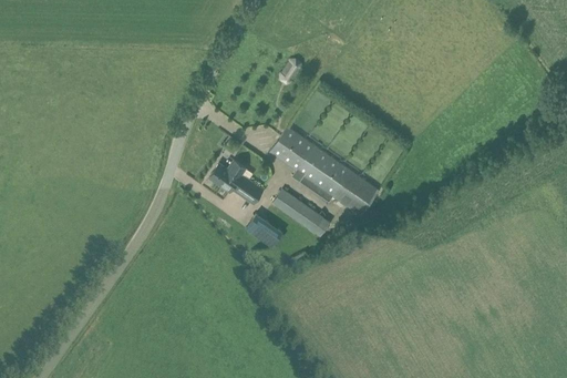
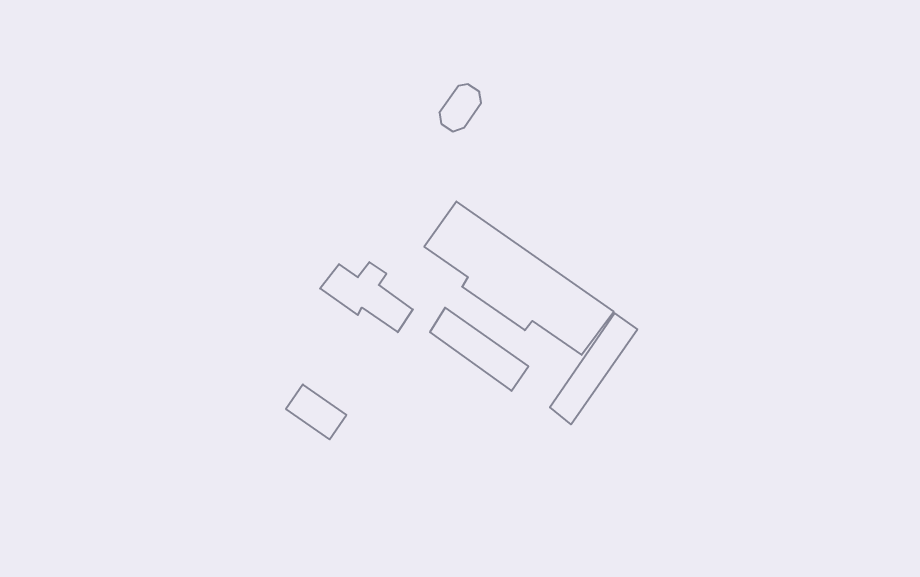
building: none -> [550,313,637,424]
building: [246,214,281,246] -> [286,384,346,439]

